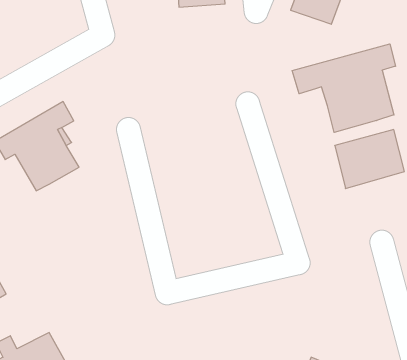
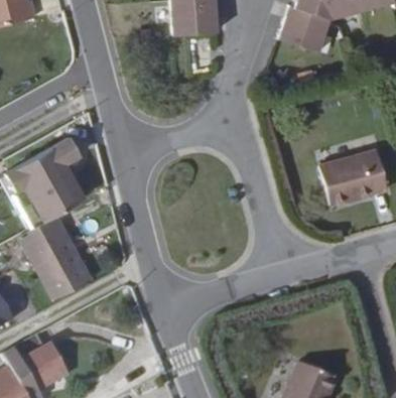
building: [292,44,396,132] -> none
building: none -> [13,203,94,300]

